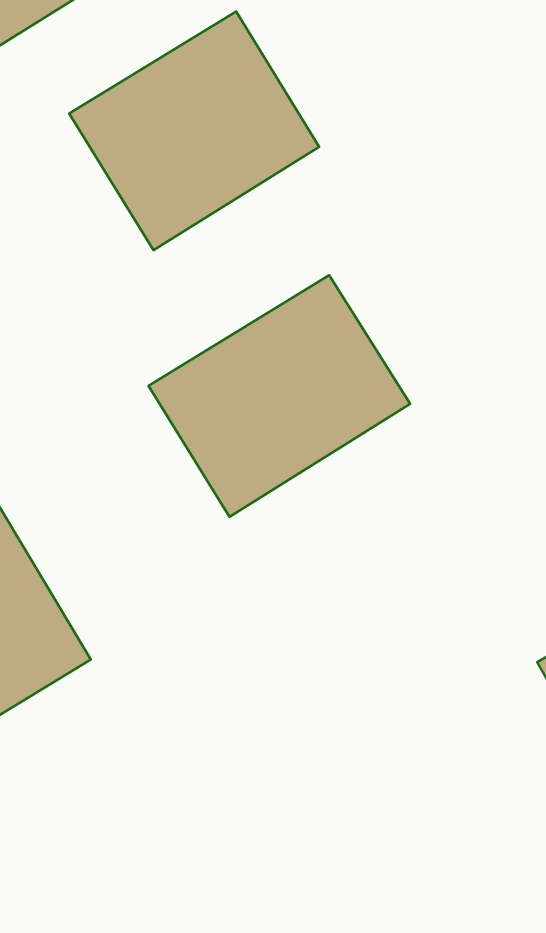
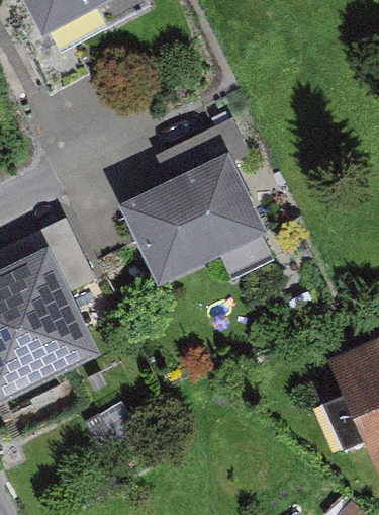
building: [69,11,319,250] -> none

